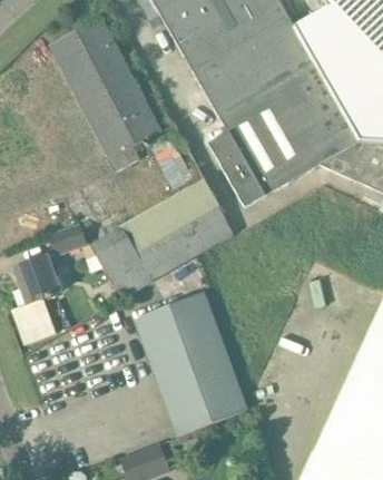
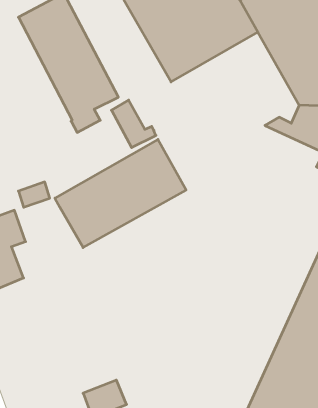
building: [208,60,360,207] -> none
building: [136,293,246,433] -> none

